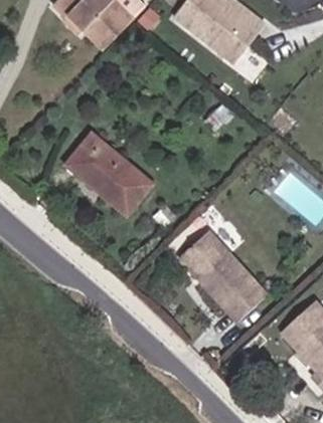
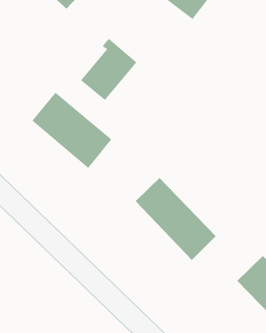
building: none -> [80,38,137,101]

